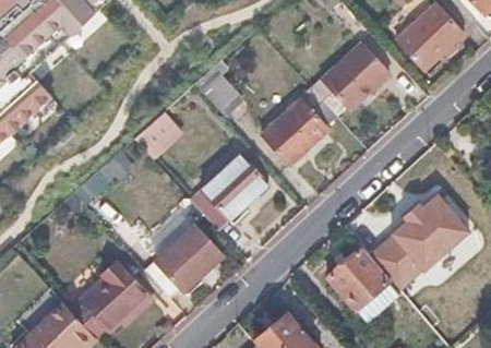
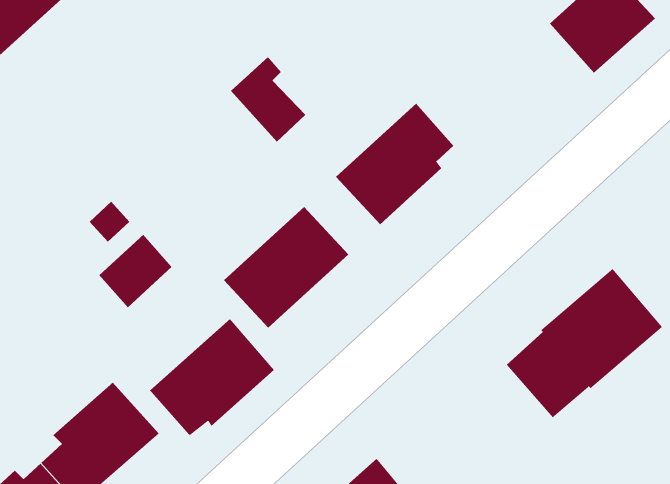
building: [313,43,390,115] -> none
building: [134,109,181,156] -> [99,234,173,308]
building: [328,248,399,321] -> none

